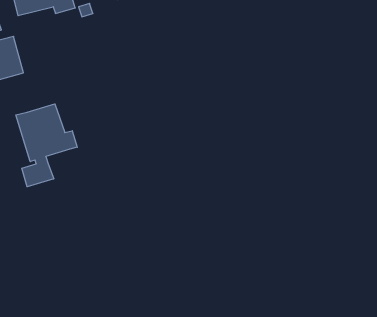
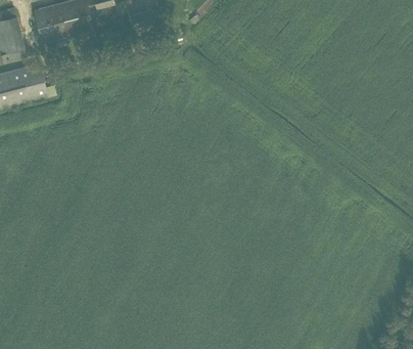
building: [16,104,77,187] -> none

